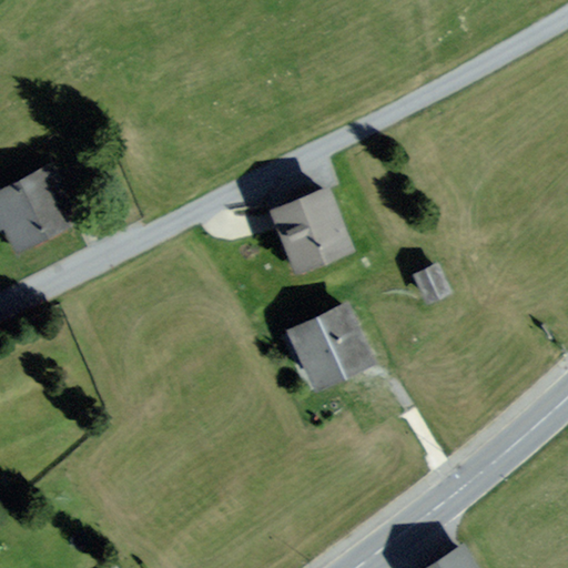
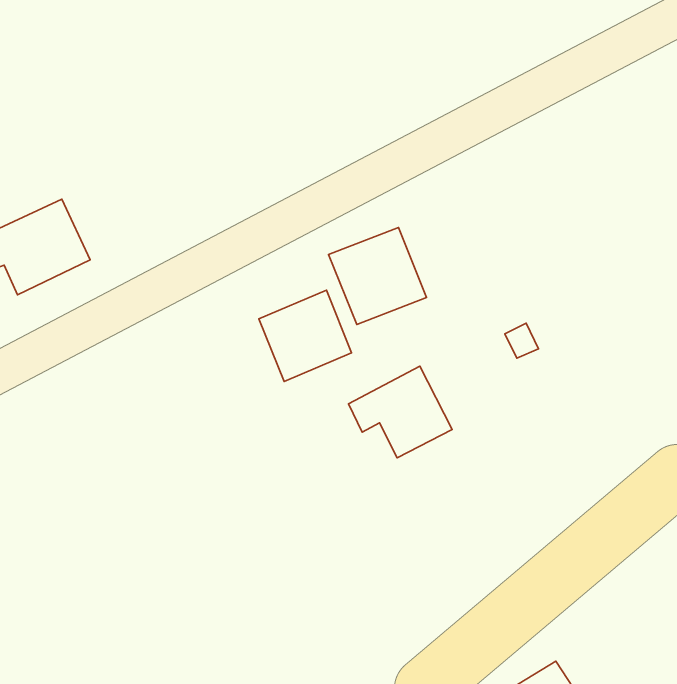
building: none -> [259,290,352,381]

